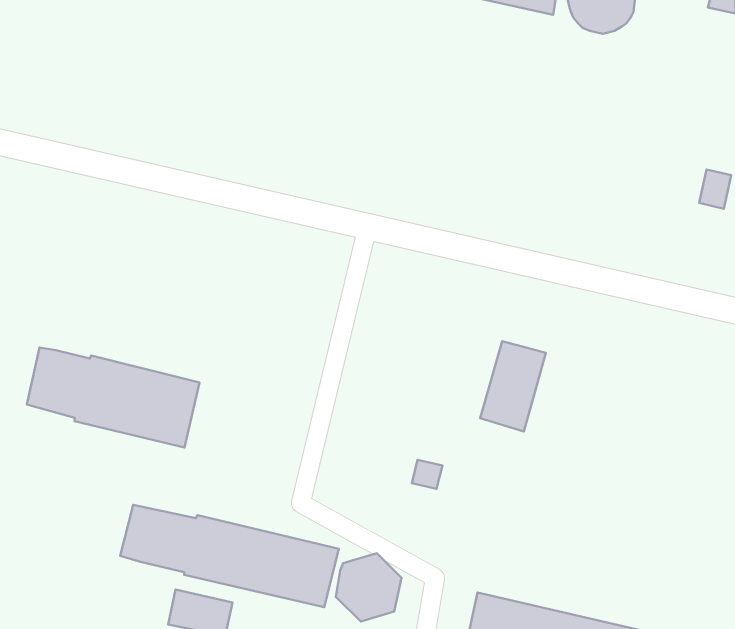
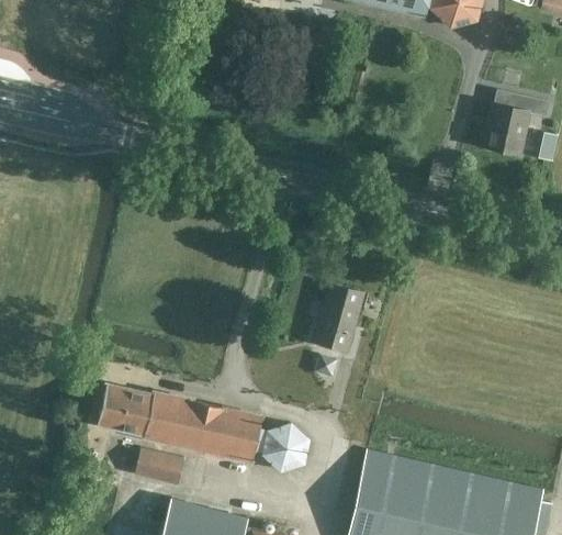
building: none -> [483,94,549,154]
building: [480,341,546,431] -> [314,283,363,352]
building: [27,347,199,447] -> none

